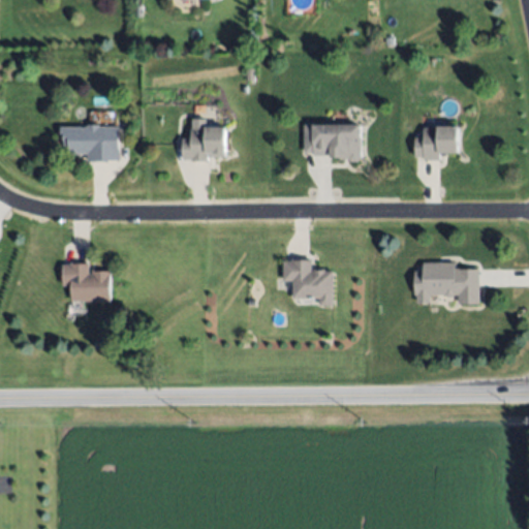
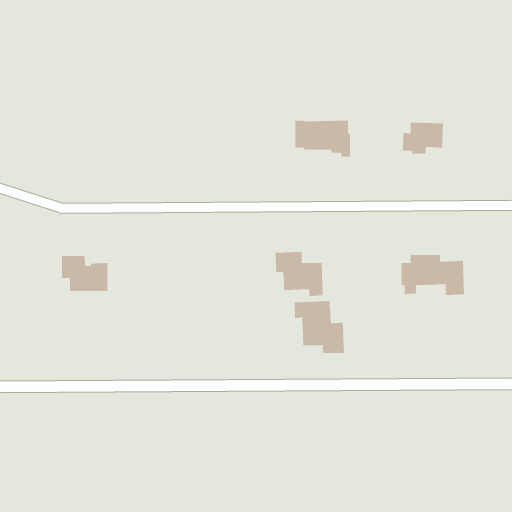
building: [183,118,225,161] -> none
building: [61,124,121,162] -> none
building: none -> [294,300,344,354]

